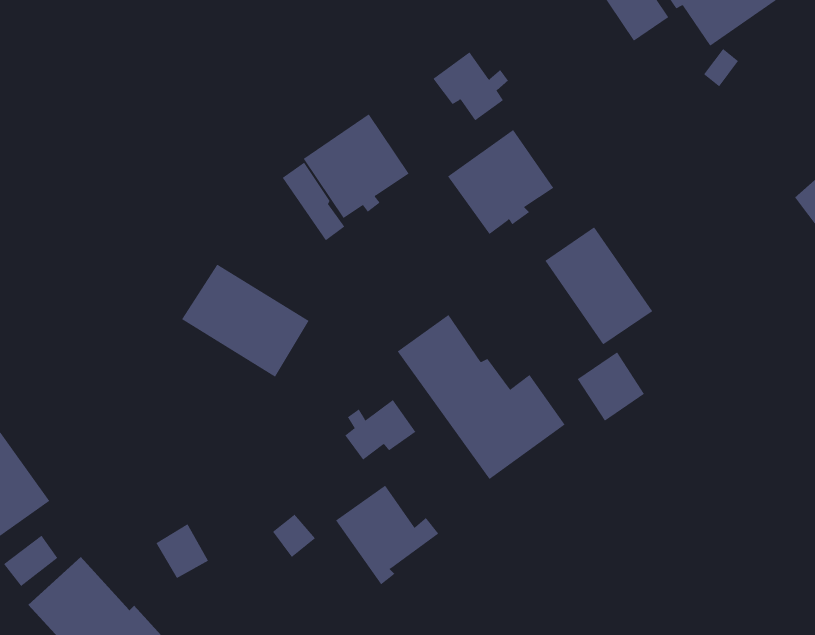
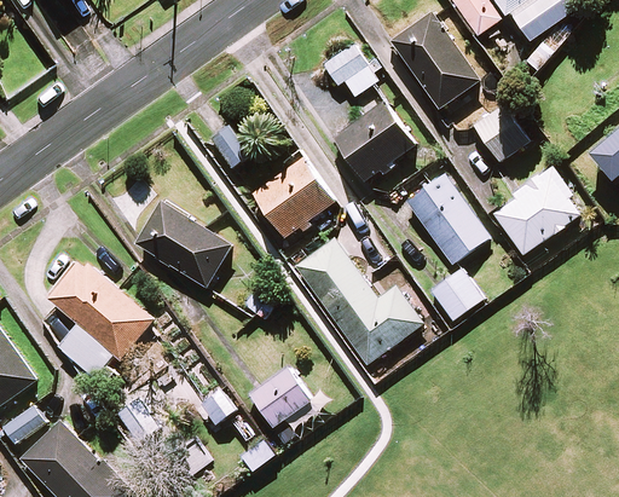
building: none -> [391,11,479,109]
building: [303,113,410,219] -> [254,157,334,236]
building: none -> [473,104,527,160]
building: none -> [494,166,580,253]
building: none -> [48,258,155,376]
building: [345,399,416,461] -> none

